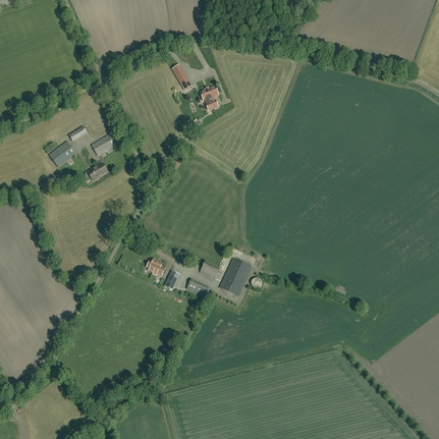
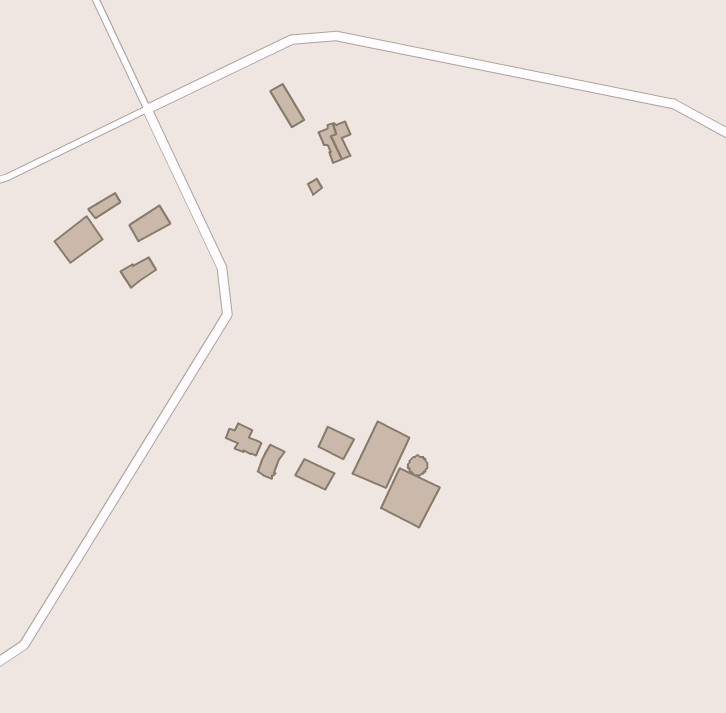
building: none -> [381,468,440,528]

